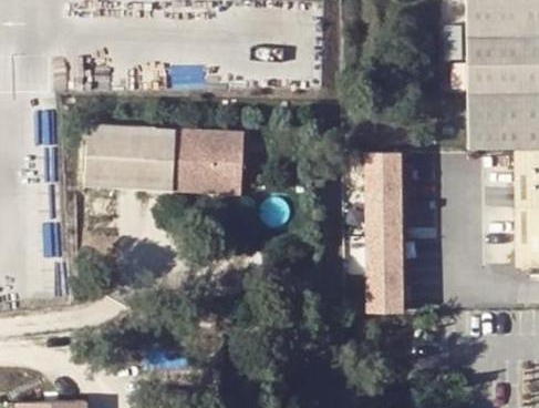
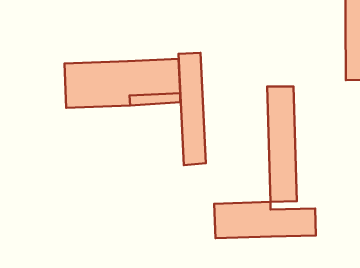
building: none -> [178,53,206,165]
building: none -> [214,202,316,238]

